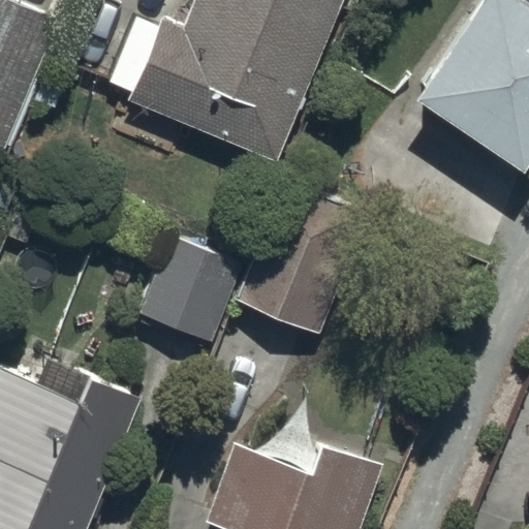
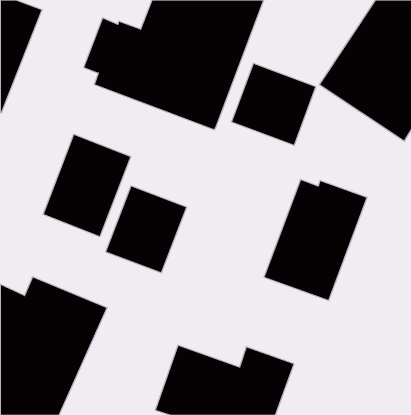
building: none -> [232,63,316,146]
building: none -> [43,134,131,237]
building: [237,184,368,338] -> [264,180,367,301]

